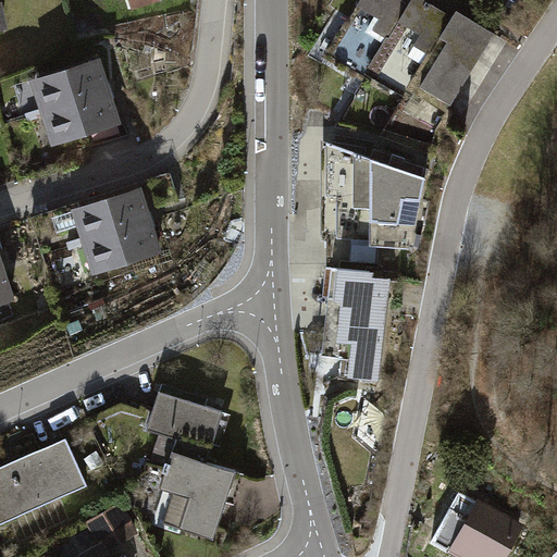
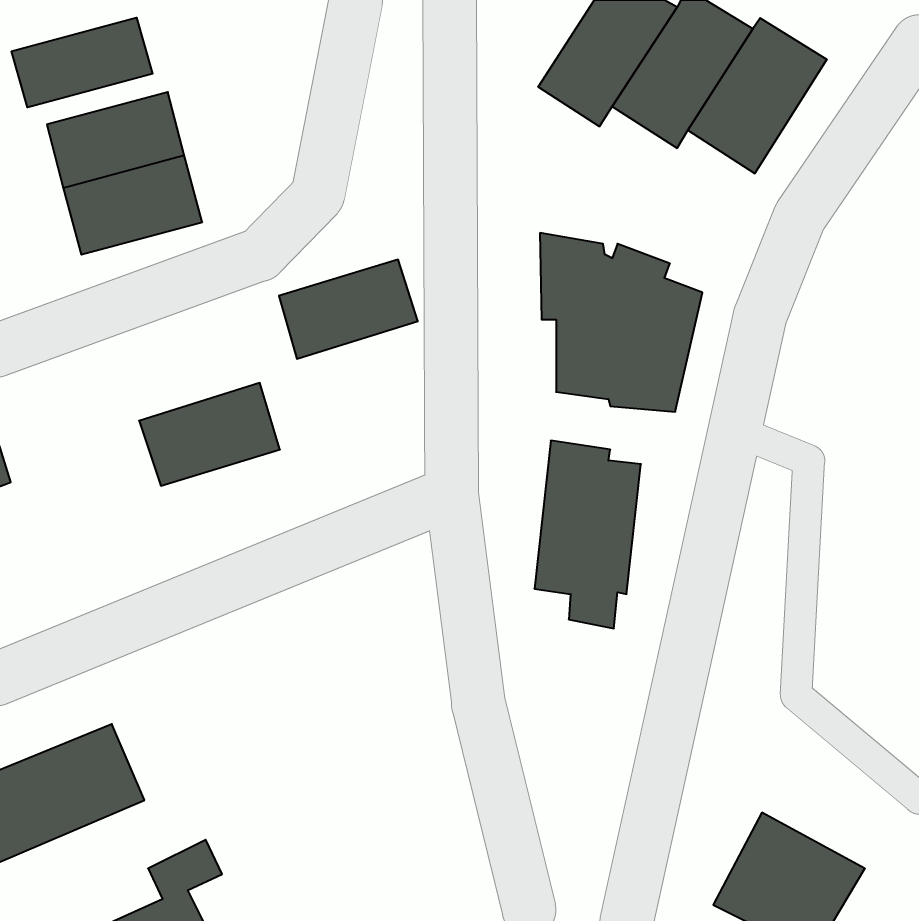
building: none -> [12,18,153,107]
building: [73,195,157,255] -> [279,260,418,359]
building: [145,389,222,454] -> none
building: [158,449,236,541] -> none

